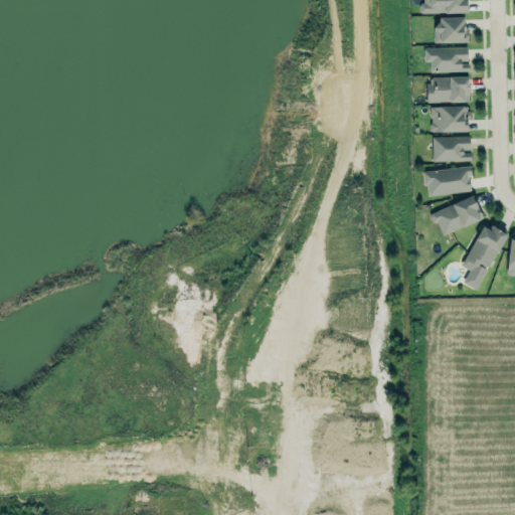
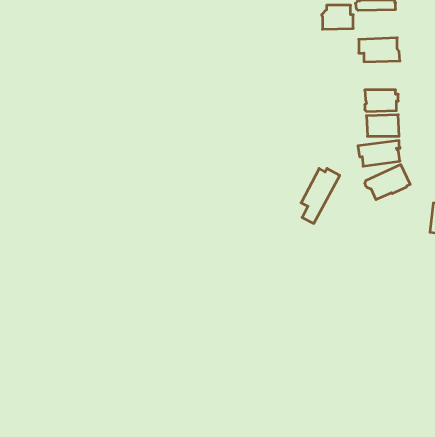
building: [434,16,471,44] -> [322,5,353,29]
building: [428,75,471,103] -> none
building: [463,225,508,290] -> [301,168,340,223]

